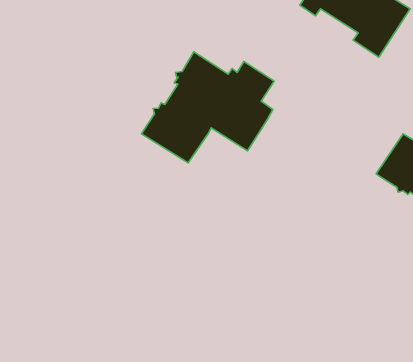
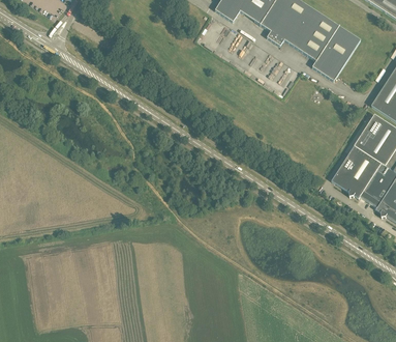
building: [142,52,274,163] -> none

